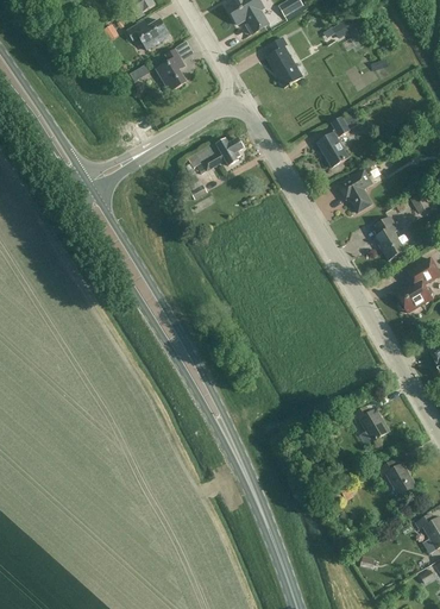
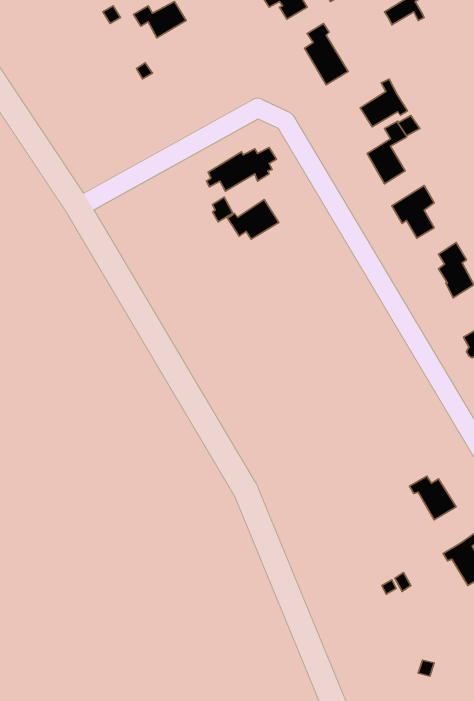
building: [156,49,187,90] -> none
building: none -> [360,79,407,127]
building: none -> [227,200,279,239]

